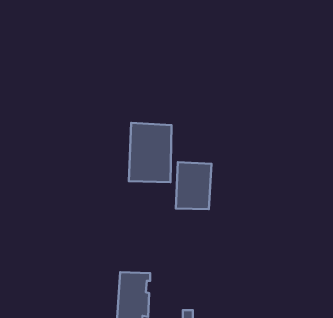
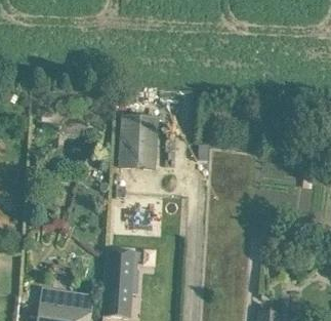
building: [176,162,211,209] -> none

